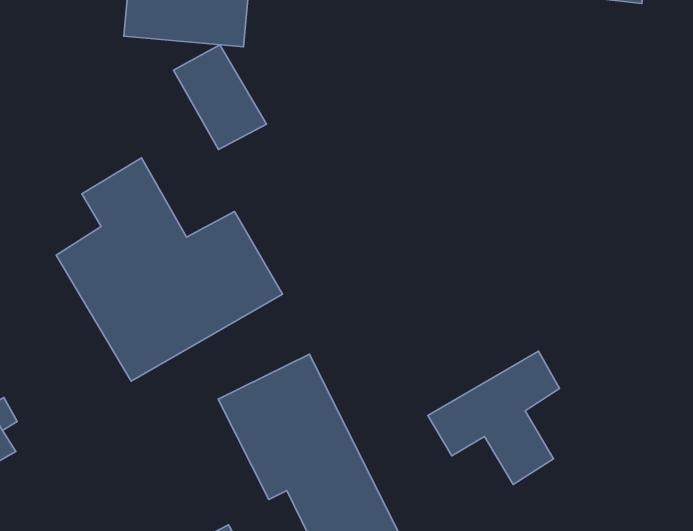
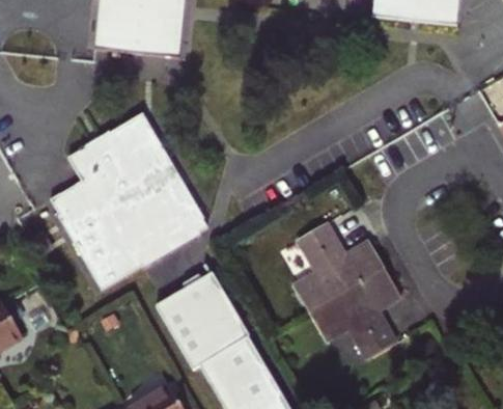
building: [173,45,266,150] -> [109,115,173,188]
building: none -> [292,224,384,311]

